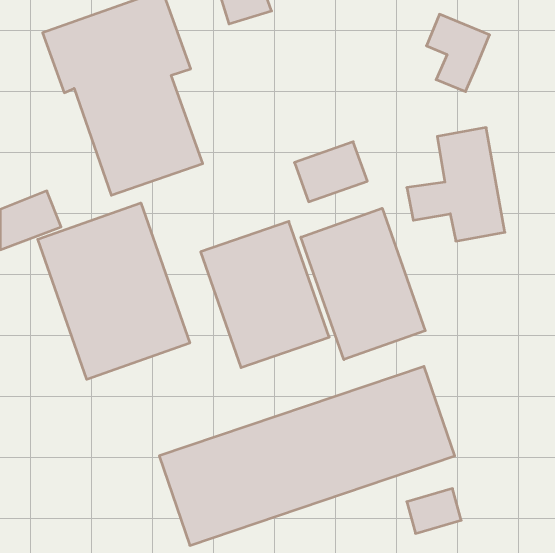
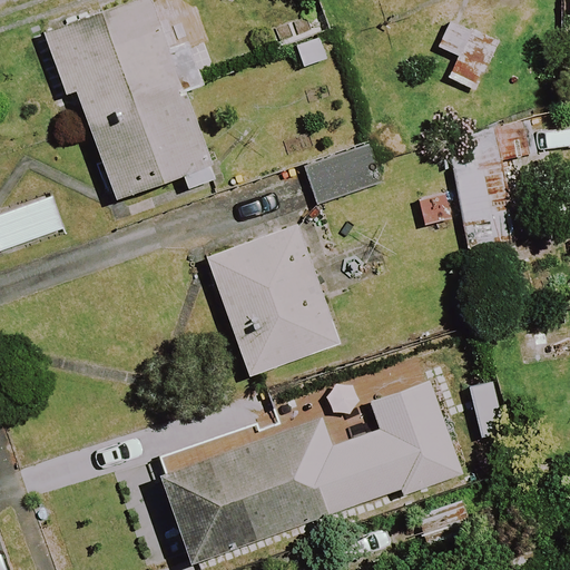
building: [38,203,190,379] -> none
building: [301,208,425,360] -> none

